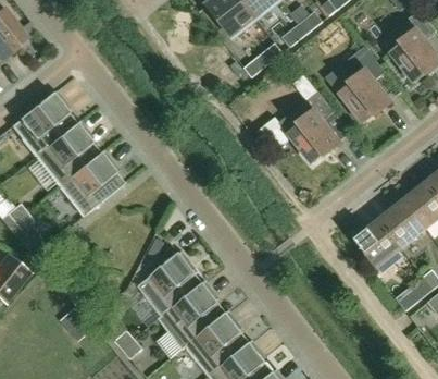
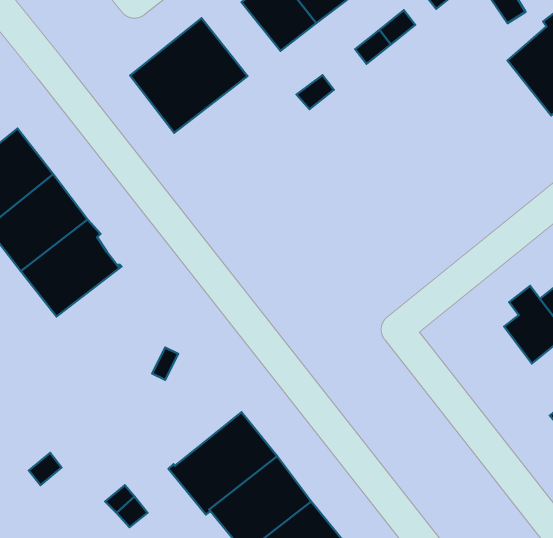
building: none -> [130,18,247,133]
building: [329,50,390,123] -> none
building: [278,73,339,163] -> none
building: [350,223,400,268] -> none
building: [137,250,205,317] -> none

